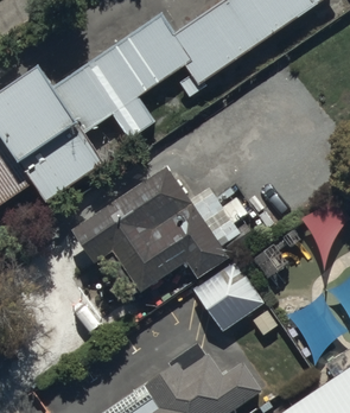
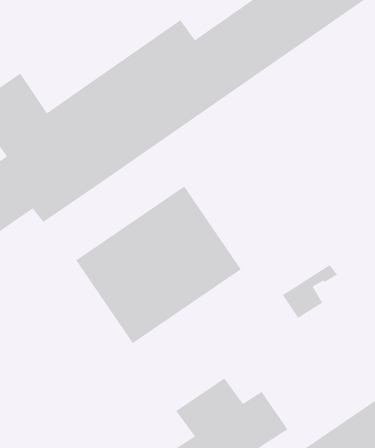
building: [193,265,265,337] -> none

